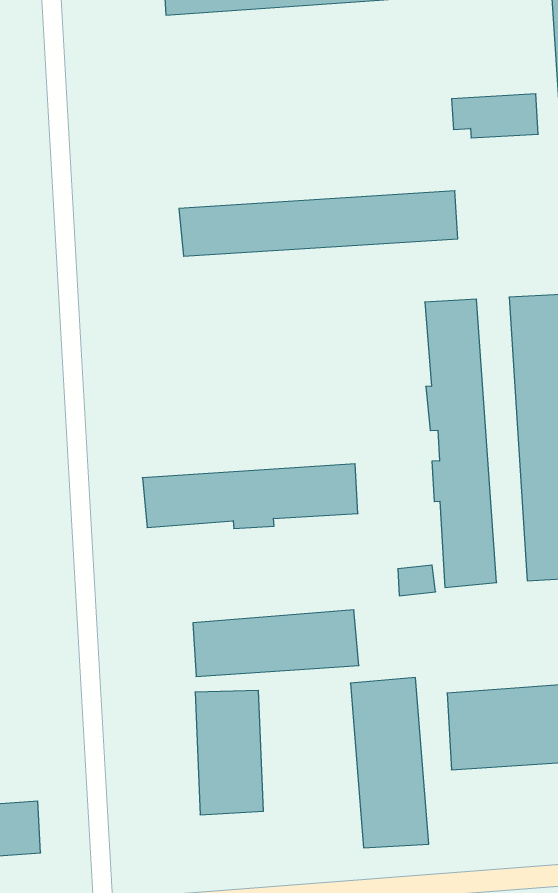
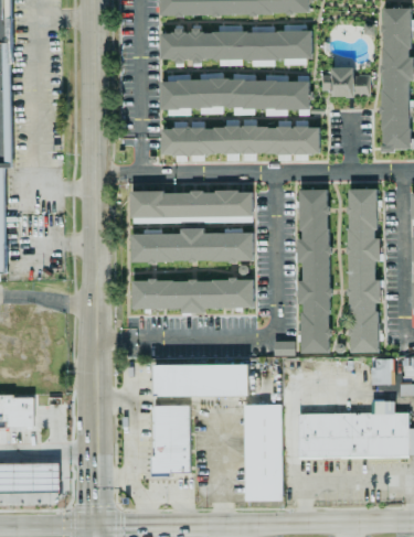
building: none -> [160,29,312,61]
building: none -> [160,79,309,108]
building: none -> [129,190,252,217]
building: none -> [130,227,253,261]

